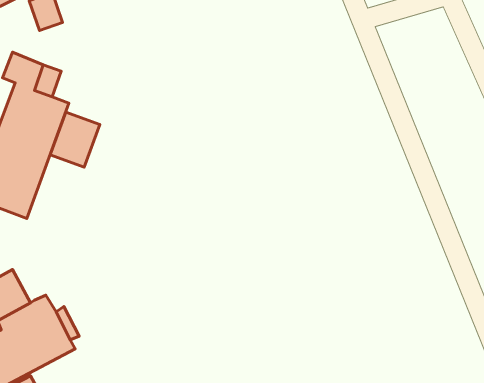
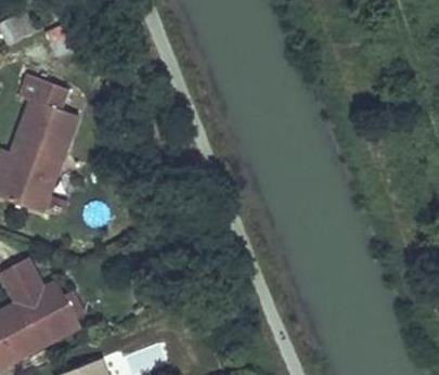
building: [50,112,100,167] -> none

